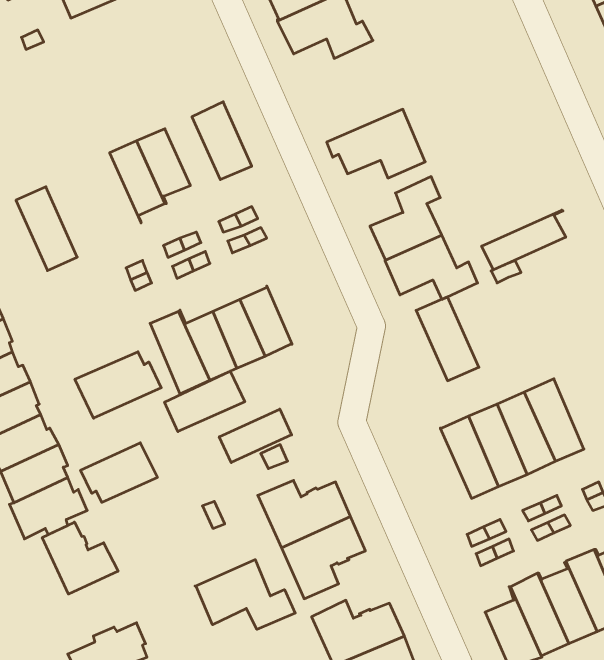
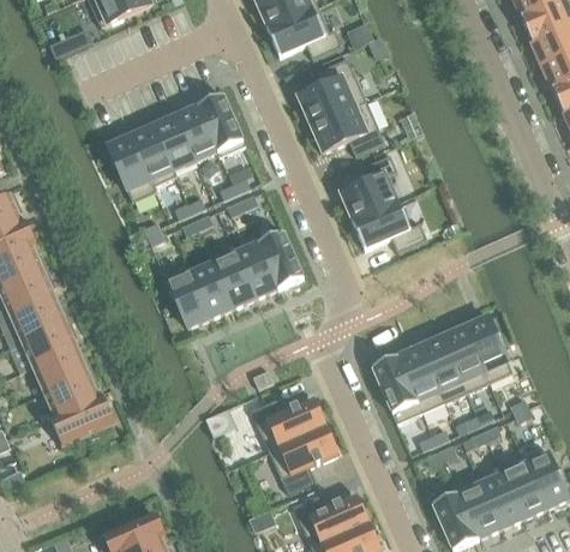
building: none -> [296,56,366,126]
building: none -> [175,106,220,161]
building: [16,187,77,271] -> [107,134,156,202]
building: [482,210,566,270] -> none
building: none -> [257,230,302,288]
building: [416,297,479,381] -> [371,355,421,422]
building: [75,352,161,418] -> none
building: [165,371,245,432] -> none
building: [219,409,292,463] -> none
building: [81,443,157,502] -> none
building: [42,522,118,594] -> none
building: [195,560,295,629] -> none

